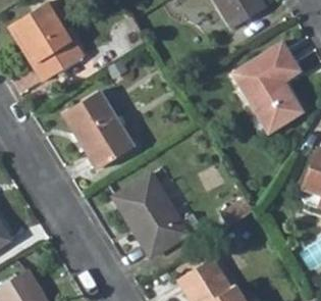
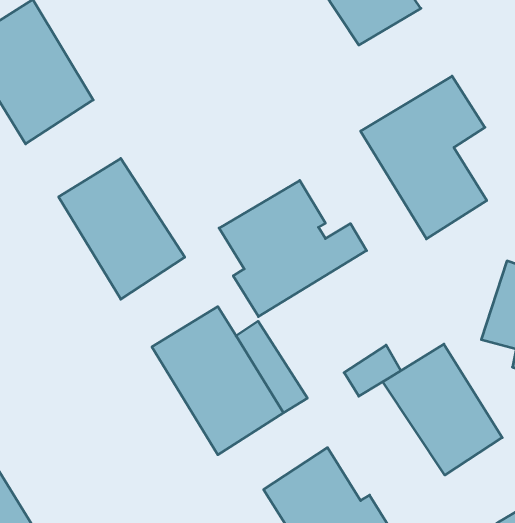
building: none -> [219,180,367,317]
building: none -> [383,344,502,475]

